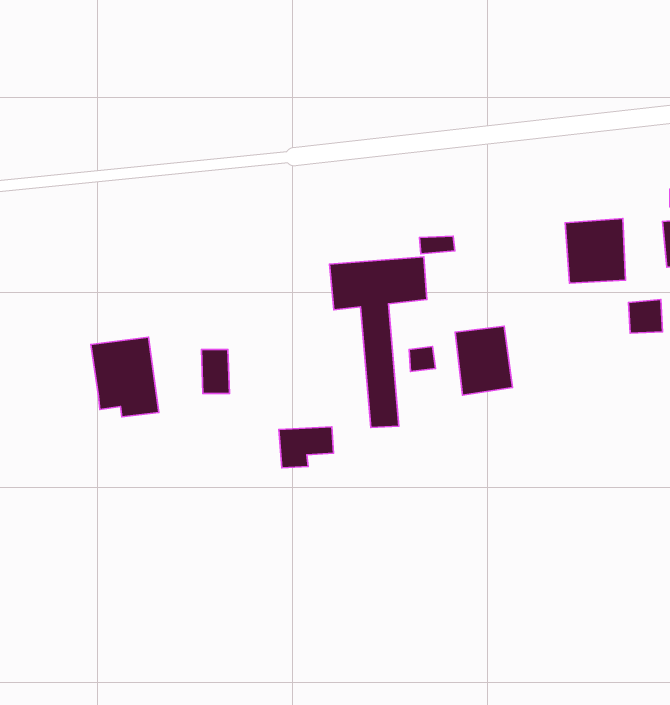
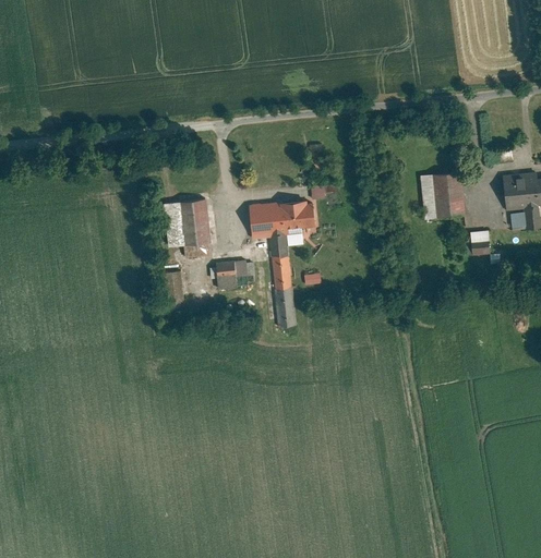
building: [455,326,512,395] -> none
building: [91,337,159,417] -> [163,199,213,258]
building: [279,427,333,468] -> [207,262,248,292]

